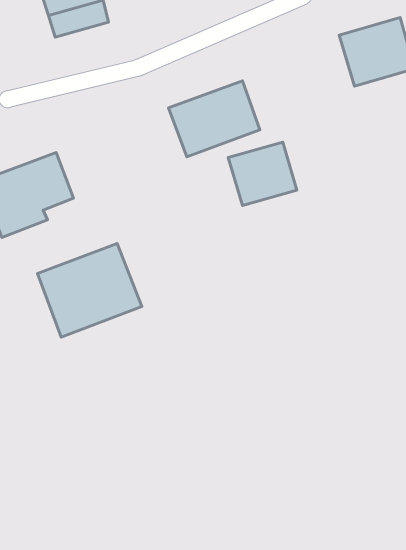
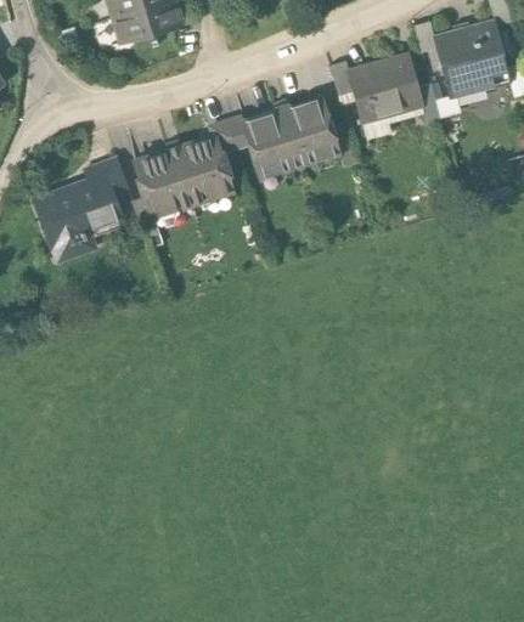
building: none -> [134,134,238,217]
building: [228,142,297,205] -> [348,55,424,125]
building: [38,244,142,337] -> none

